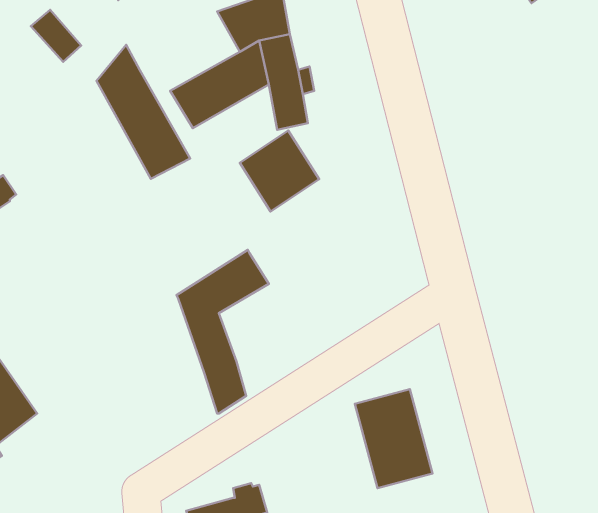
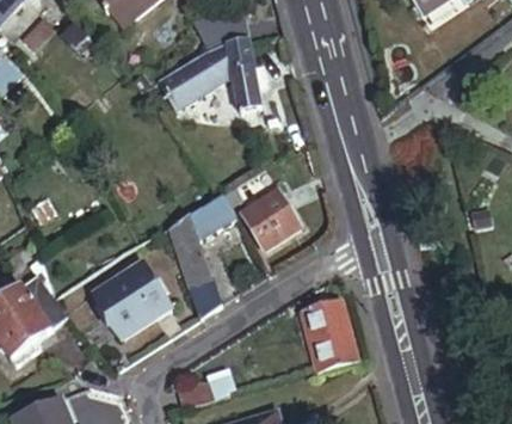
building: [96,45,190,179] -> none
building: [240,131,319,212] -> [240,190,298,250]
building: none -> [92,262,168,334]

